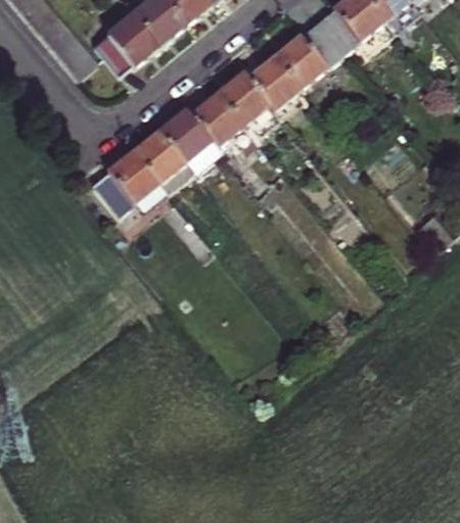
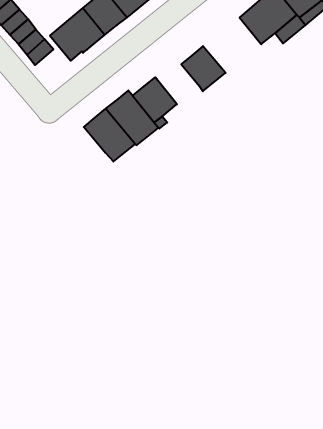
building: [275,21,343,87] -> none
building: [219,70,271,124] -> none
building: [93,150,160,217] -> none

